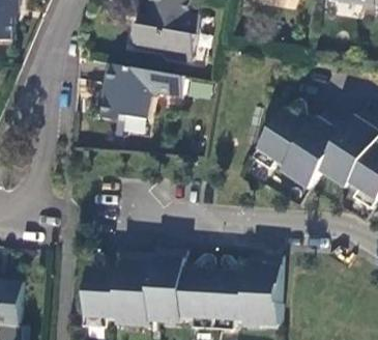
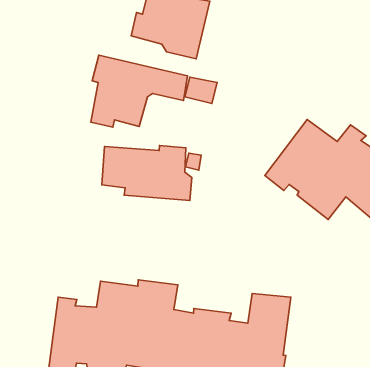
building: none -> [102,146,192,201]

